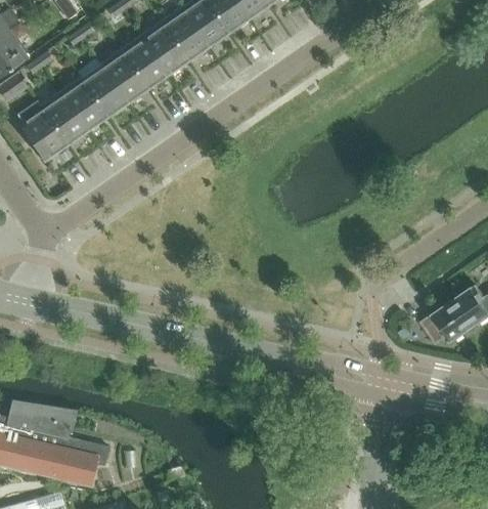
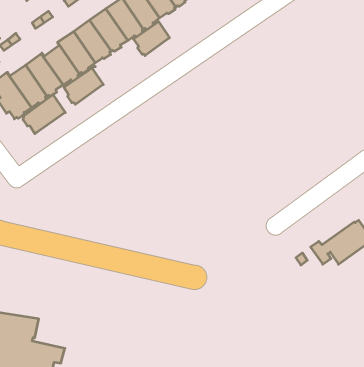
building: none -> [133,22,169,56]
building: none -> [64,66,103,104]
building: none -> [23,95,65,134]

